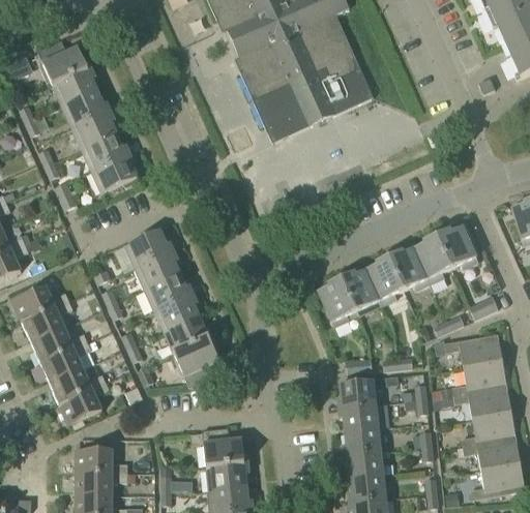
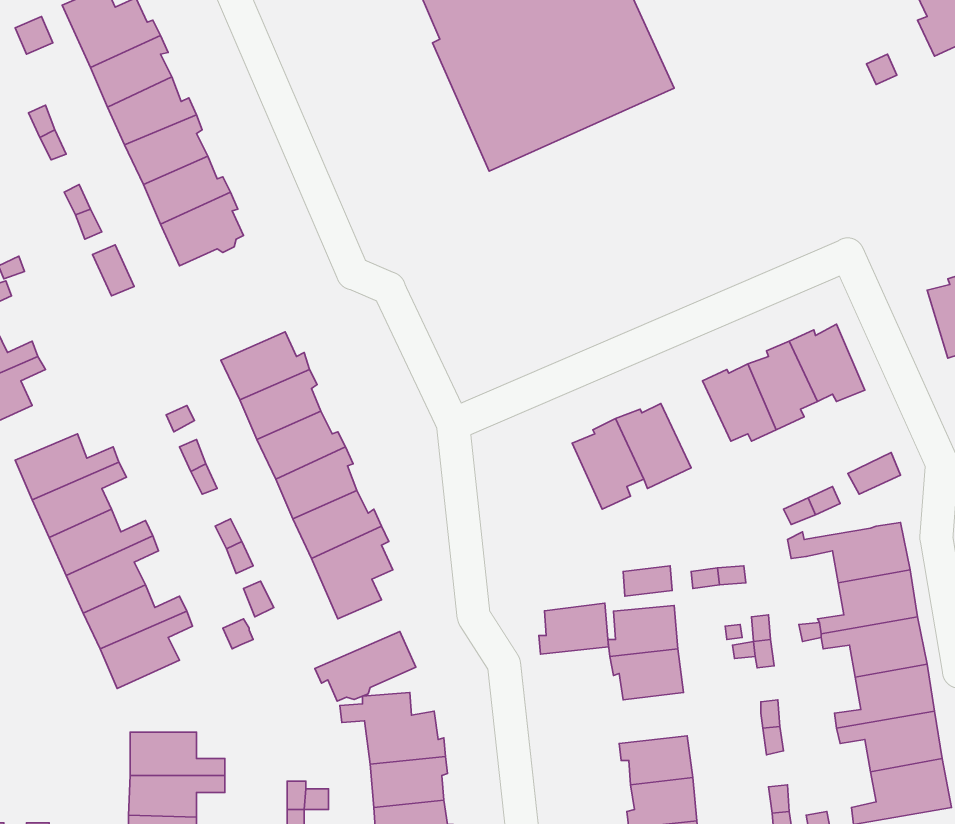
building: [365,256,404,304] -> none
building: none -> [315,631,416,701]
building: [342,427,380,455] -> [539,603,609,654]

